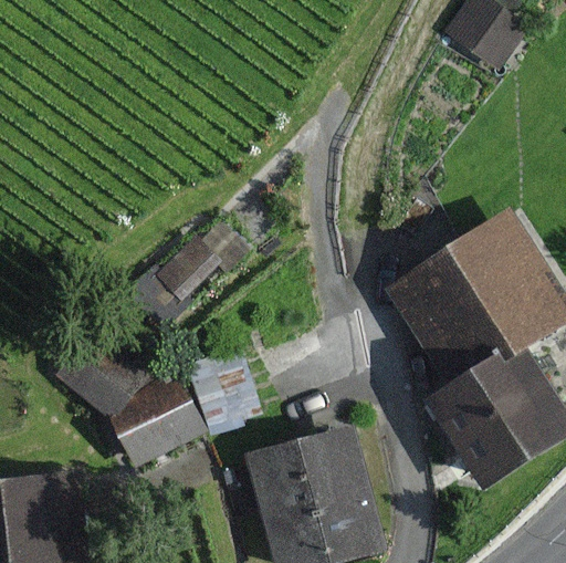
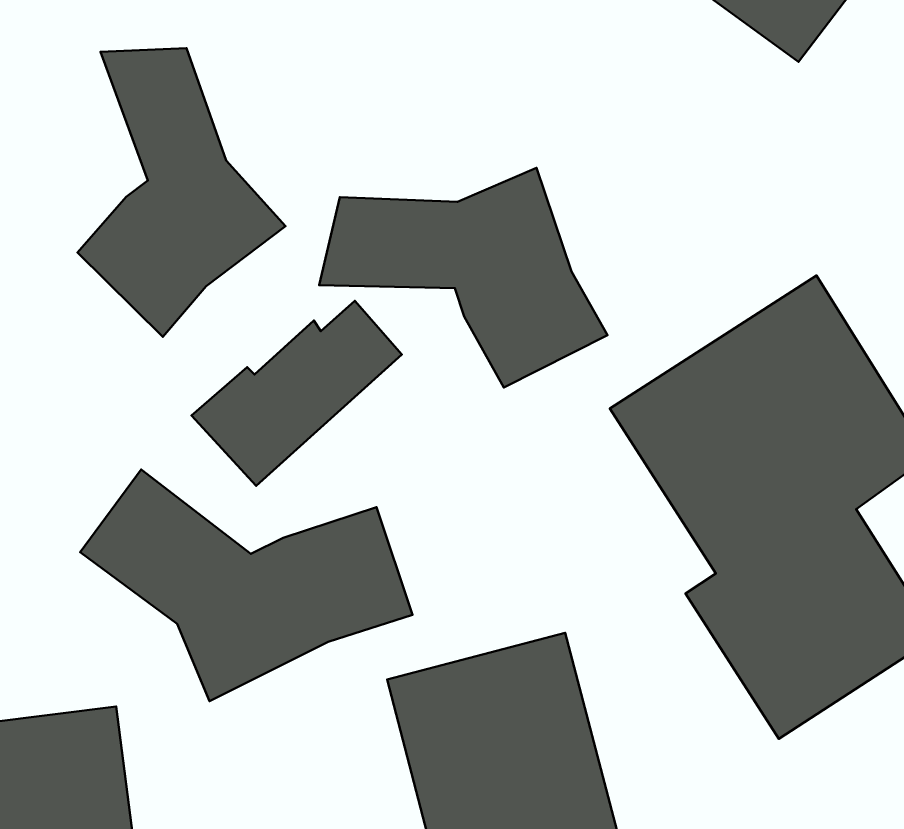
building: none -> [78,48,286,337]
building: none -> [319,168,608,388]

